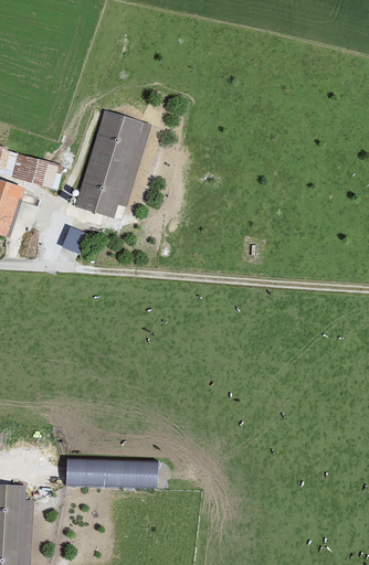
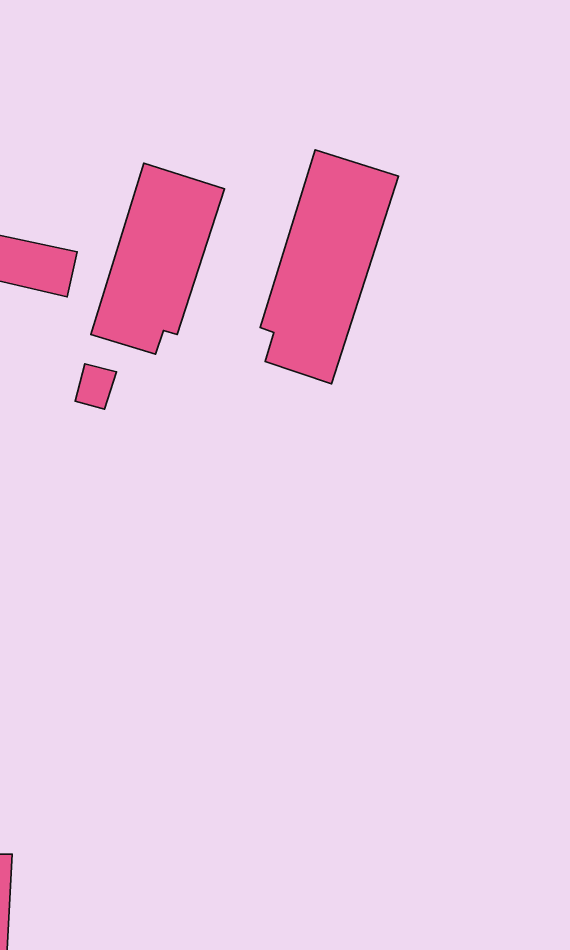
building: none -> [260,150,398,384]
building: [71,455,164,488] -> none

